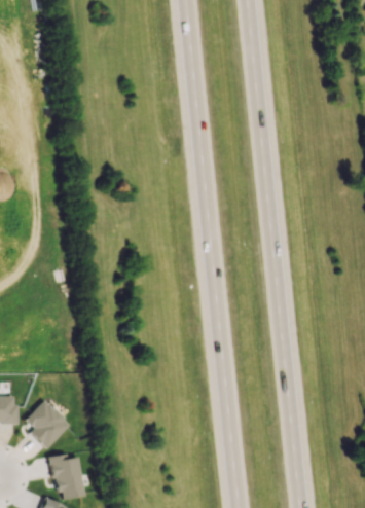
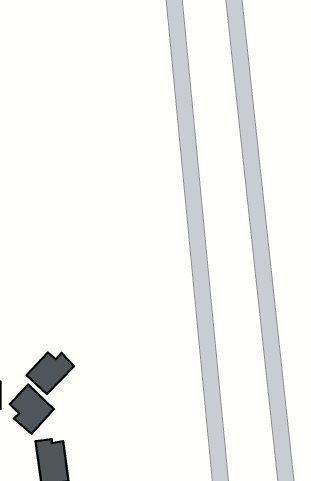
building: none -> [26,352,74,394]

